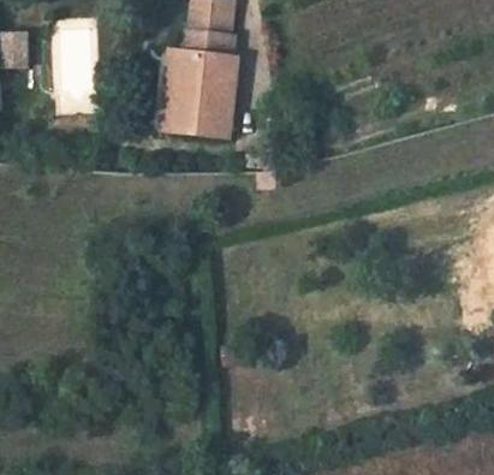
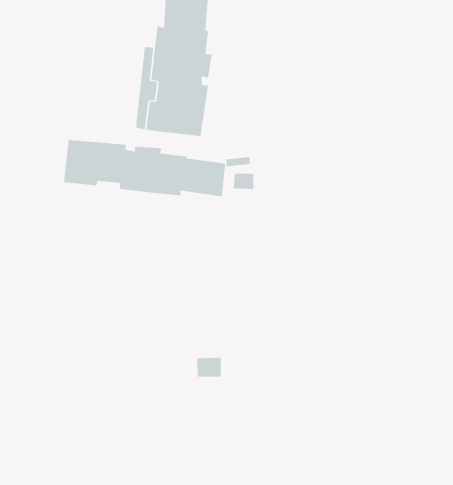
building: none -> [63,139,226,197]

